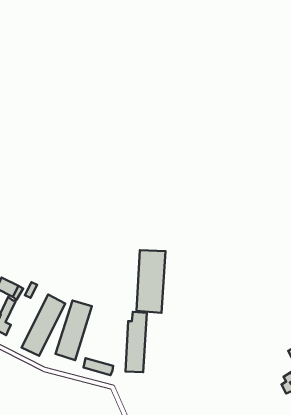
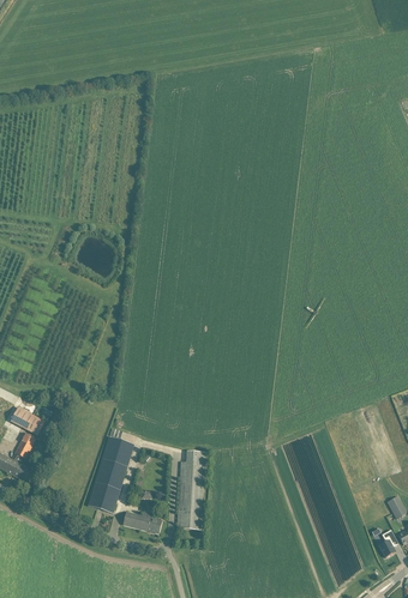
building: [136,250,165,313] -> none
building: [22,294,65,356] -> none

